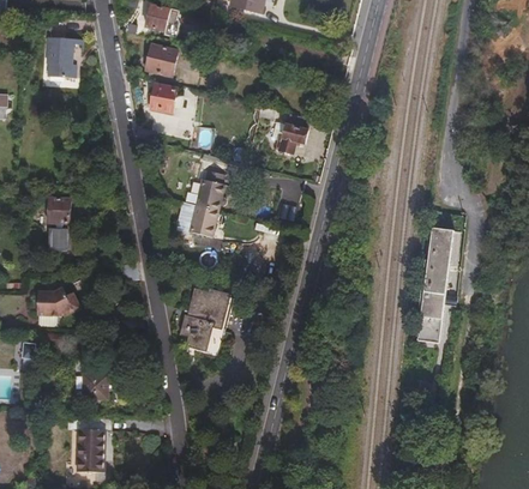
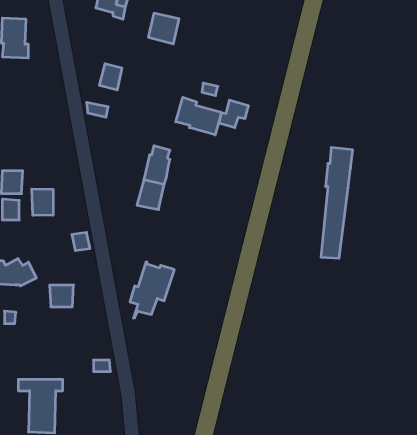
building: [146,43,179,76] -> [148,13,179,44]
building: none -> [176,97,221,135]
building: none -> [32,189,53,215]
building: [422,228,456,344] -> [321,148,353,258]
building: [84,375,109,398] -> [50,285,74,307]

